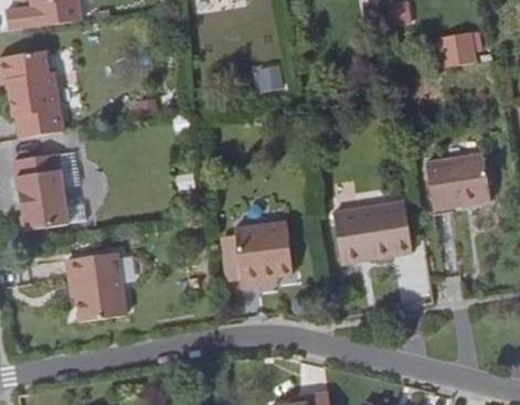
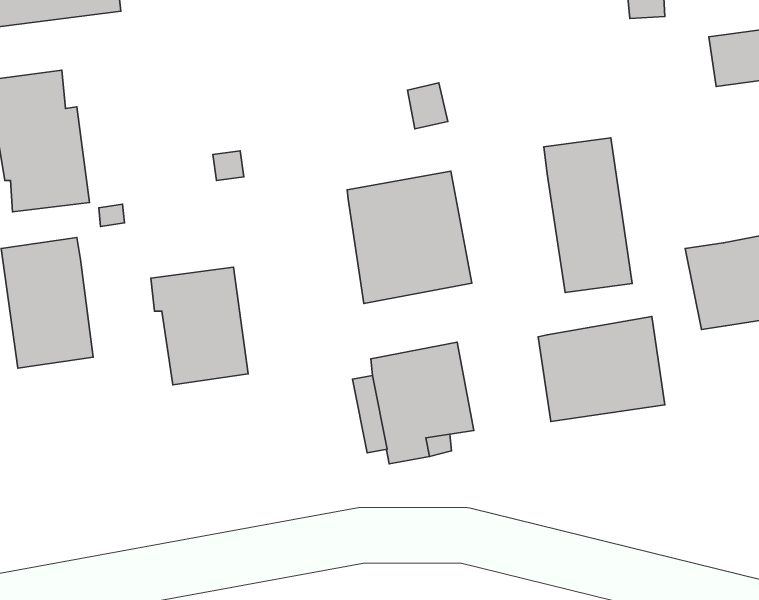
building: none -> [544,138,632,292]
building: none -> [347,171,472,304]
building: [67,258,126,329] -> [151,267,248,385]

